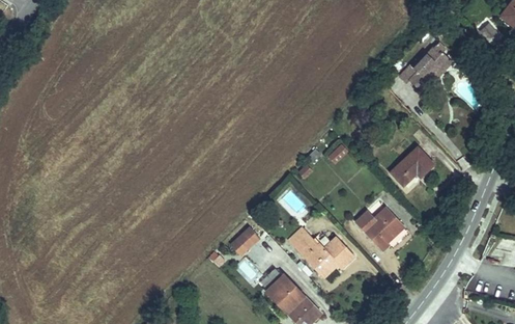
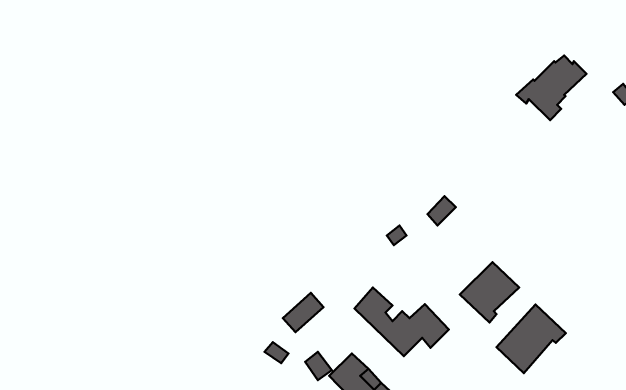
building: [392,148,434,188] -> none
building: none -> [497,305,566,373]

